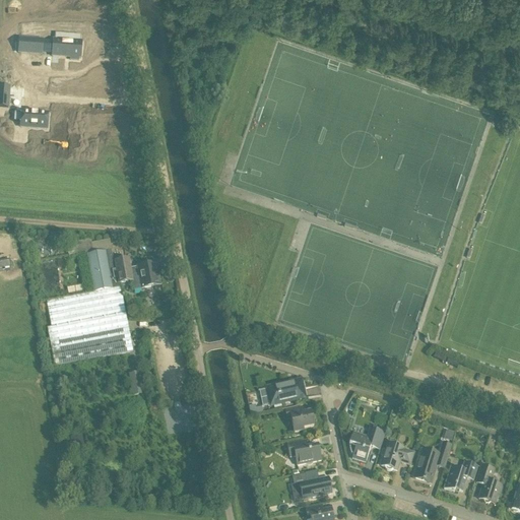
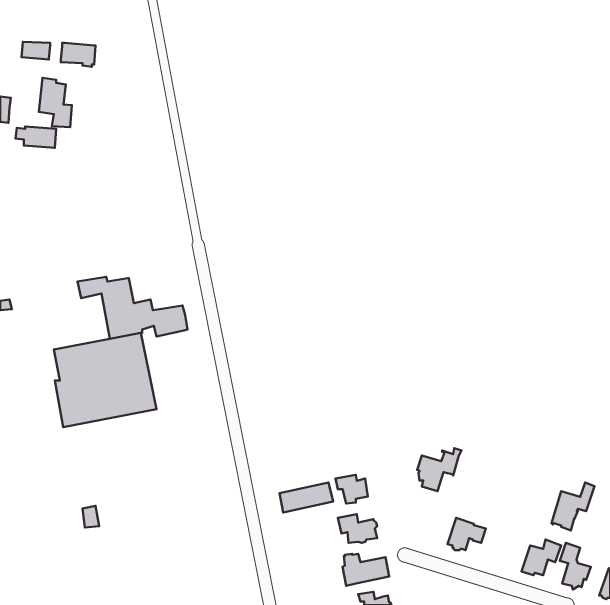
building: none -> [39,78,72,127]
building: [258,378,304,403] -> [280,483,333,512]
building: [348,424,386,460] -> [417,448,461,491]
building: [414,441,451,481] -> [552,483,595,530]

